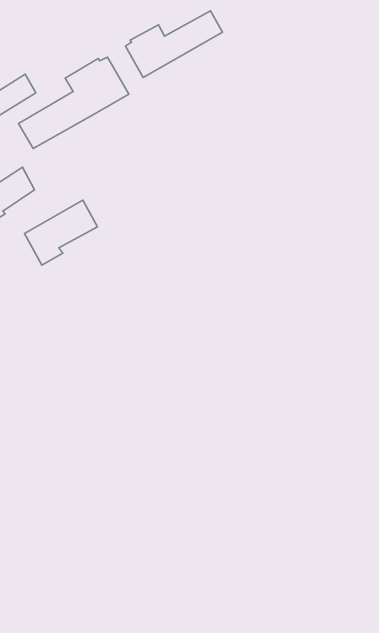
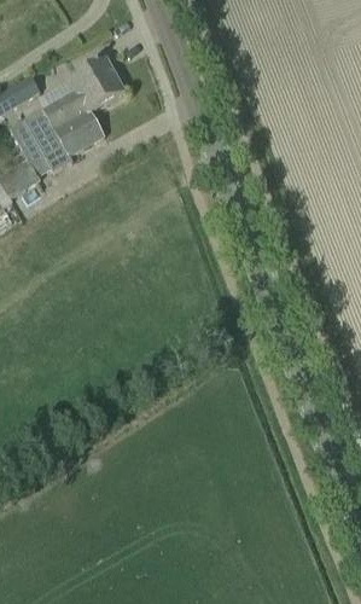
building: [125,11,222,78] -> none
building: [24,200,97,265] -> [36,111,103,170]

